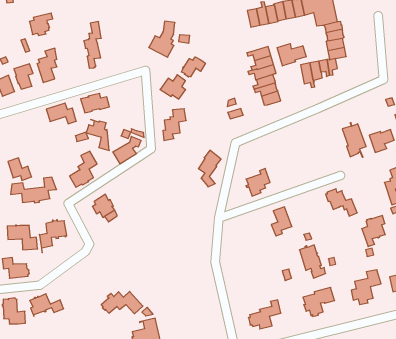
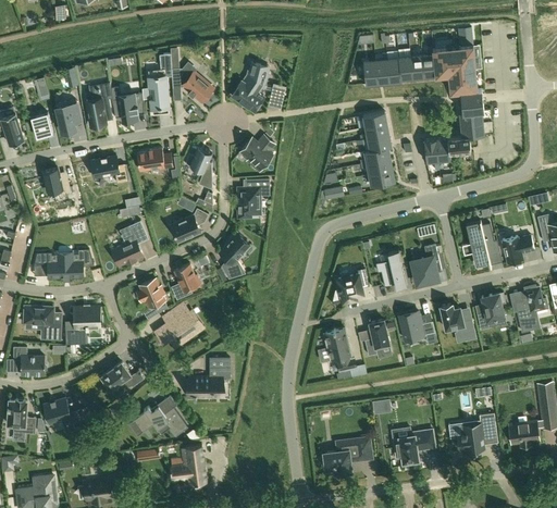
building: [29,13,53,36] -> [113,92,144,120]
building: none -> [172,69,213,102]
building: [277,44,306,66] -> none
building: [181,57,205,77] -> none
building: [86,120,109,150] -> [185,147,212,189]
building: none -> [412,244,442,284]
building: [198,150,221,187] -> [220,232,250,278]
building: none -> [376,251,407,288]
building: [8,158,32,180] -> [44,168,72,197]
building: none -> [172,263,201,299]
building: none -> [399,311,435,339]
building: none -> [156,303,196,345]
building: [362,215,385,247] -> [475,292,506,330]
building: [299,245,326,278] -> [325,329,356,371]
building: none -> [189,358,230,397]
building: none -> [100,362,145,389]

